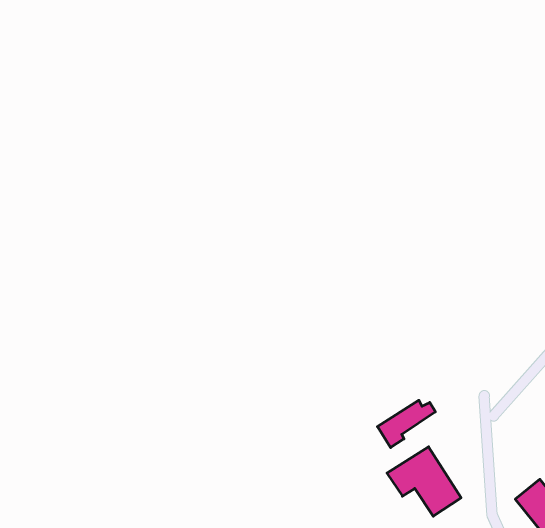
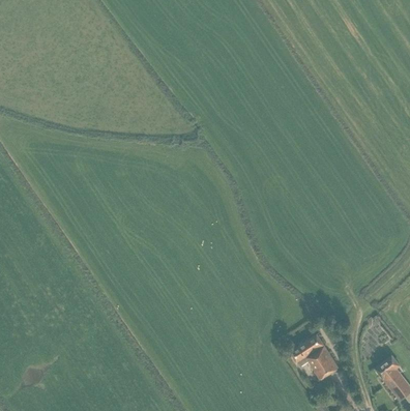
building: [377,400,435,448] -> none

